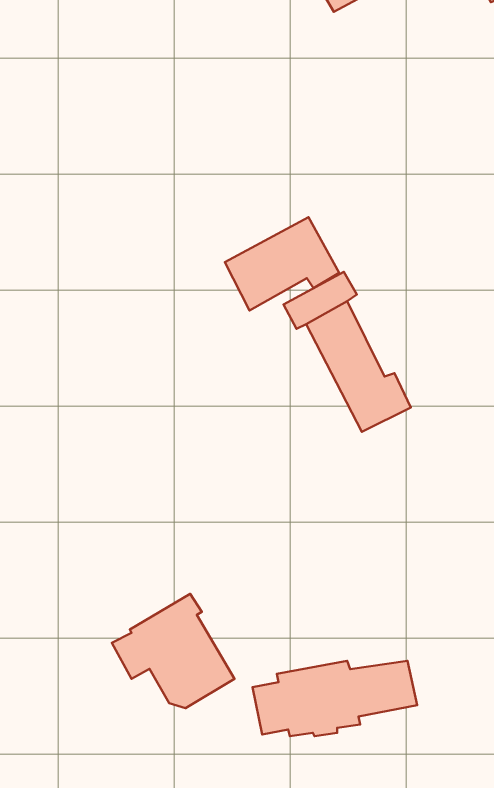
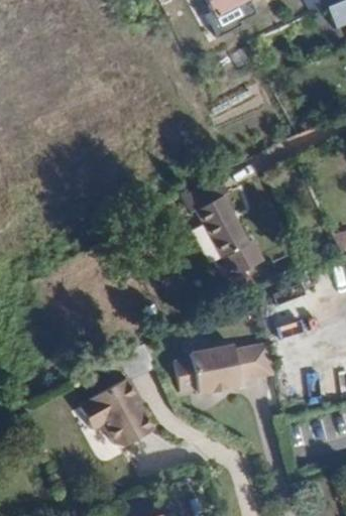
building: [225,217,339,311] -> none
building: [252,661,417,736] -> [176,350,277,396]

